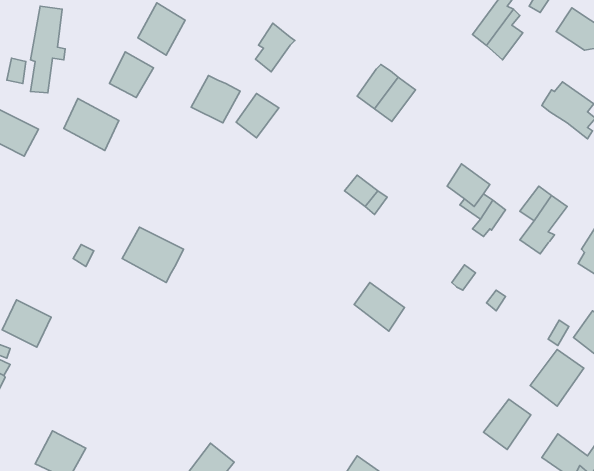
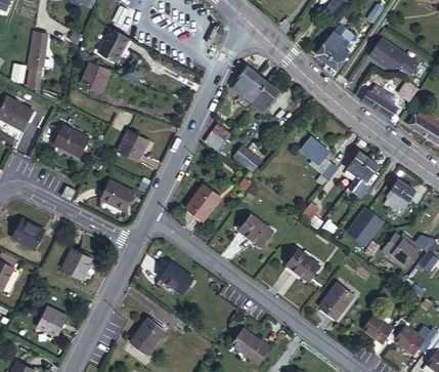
building: [255,23,295,72] -> [231,60,257,92]
building: [191,76,240,123] -> [117,134,148,165]
building: [236,94,279,138] -> [203,121,230,150]
building: [64,98,119,151] -> [53,130,89,164]
building: none -> [190,191,222,223]
building: none -> [286,248,318,279]
building: none -> [59,252,91,284]
building: [530,349,584,406] -> [348,206,383,243]
building: none -> [160,263,193,294]

